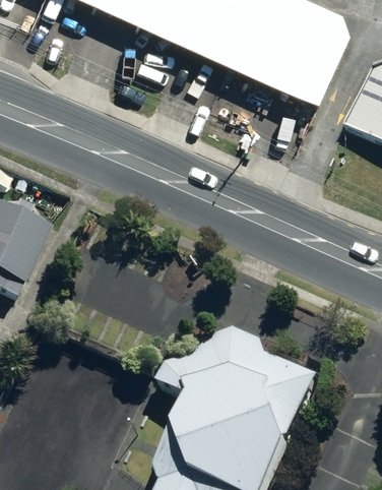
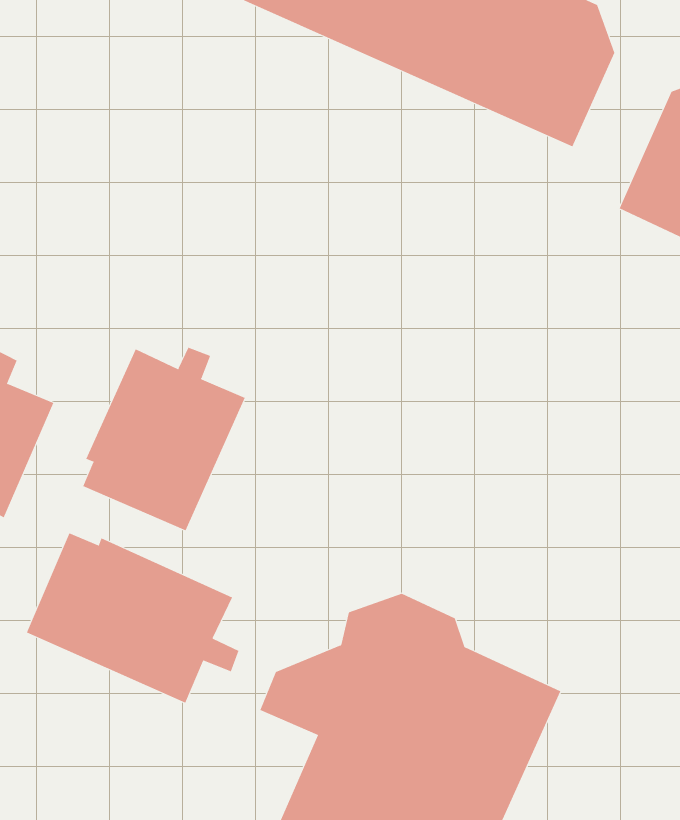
building: none -> [82,347,245,531]
building: none -> [26,532,239,704]

